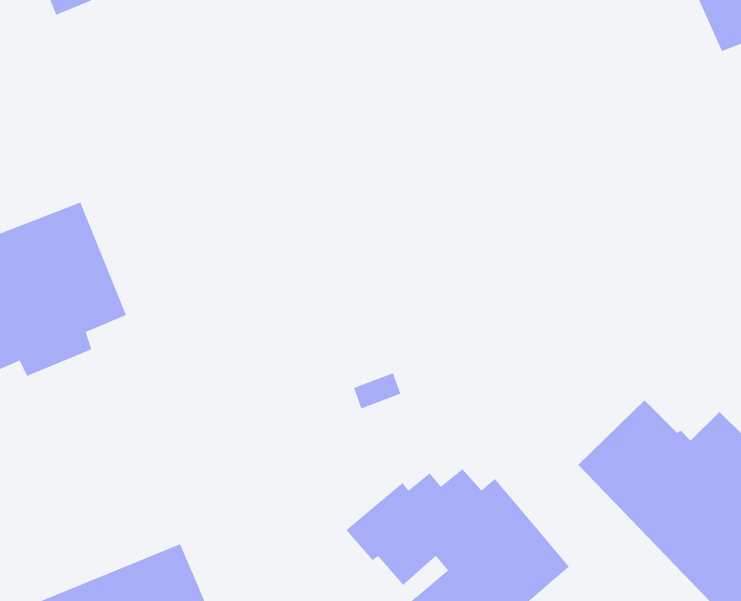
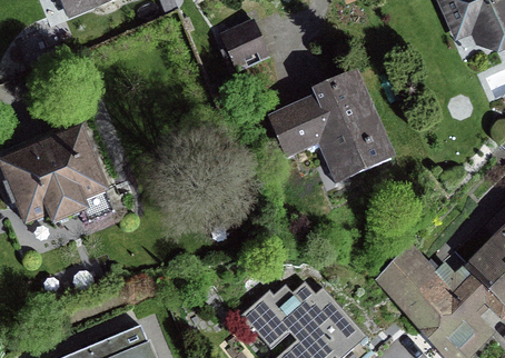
building: none -> [219,17,271,71]
building: none -> [266,67,396,181]

